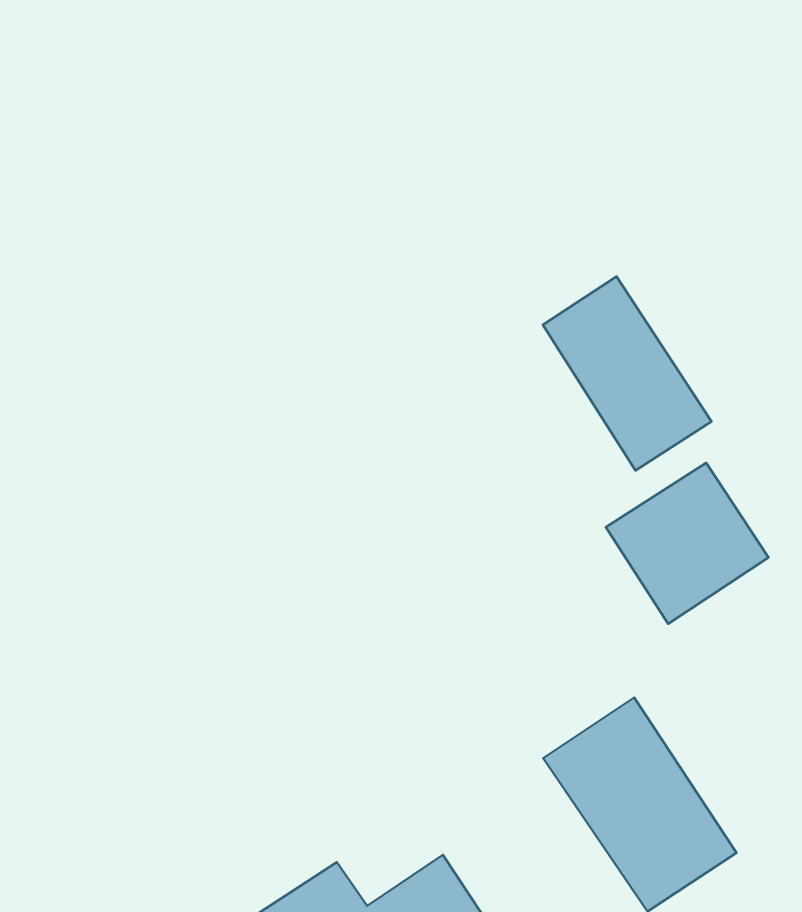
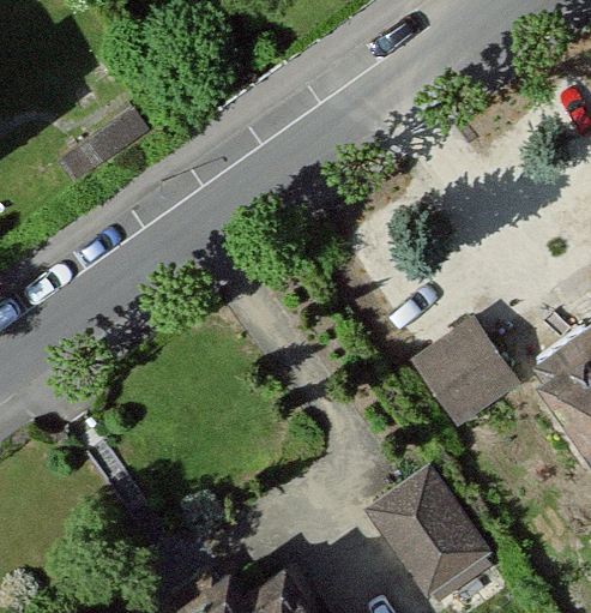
building: [543,276,711,471] -> none

